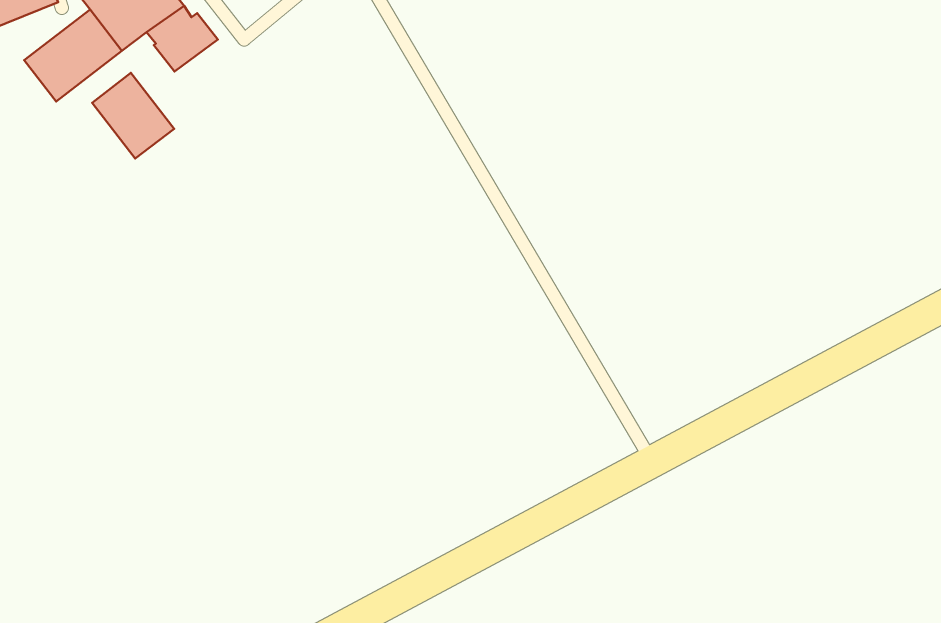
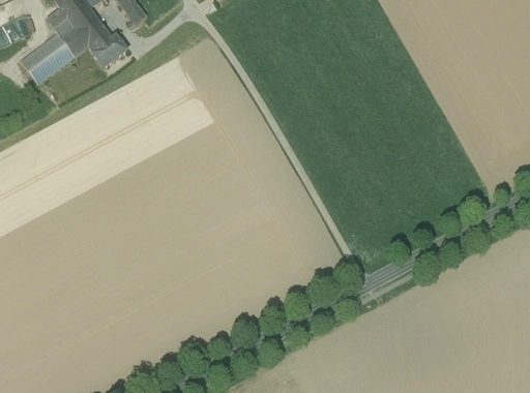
building: [92,73,174,159] -> none

